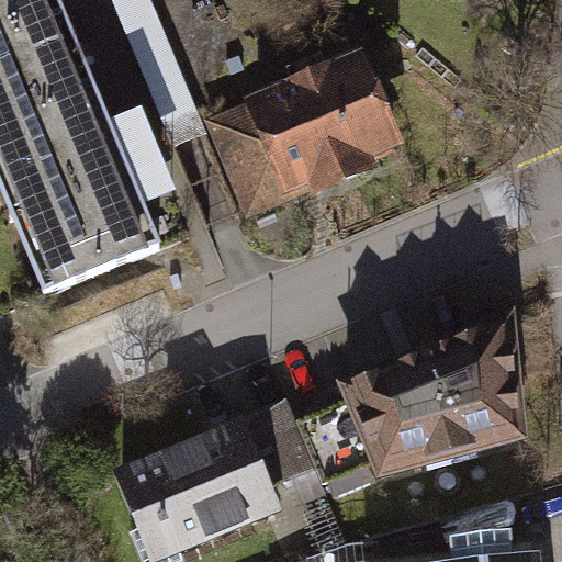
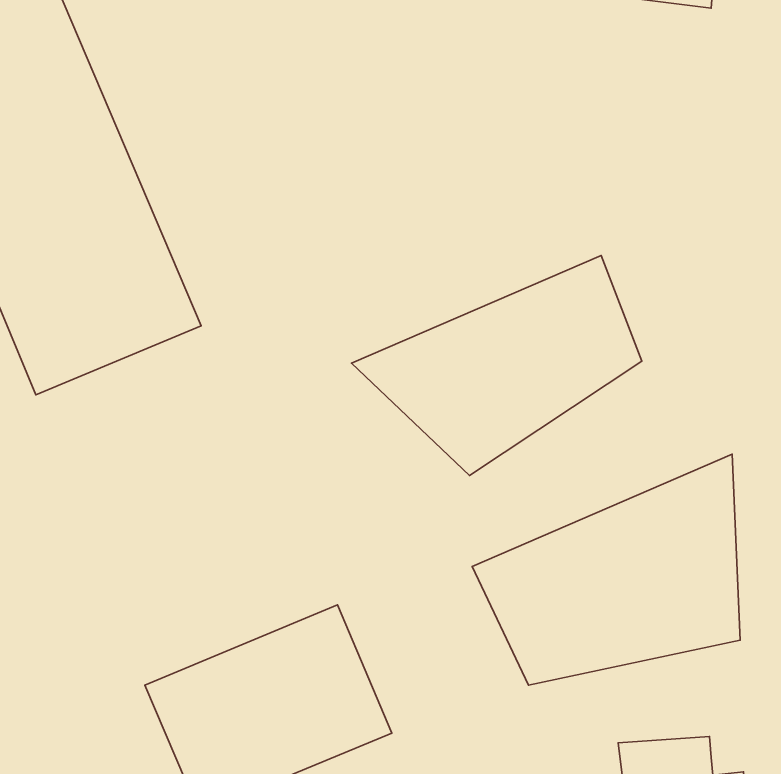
building: [196,35,407,207] -> none
building: none -> [352,256,642,476]

